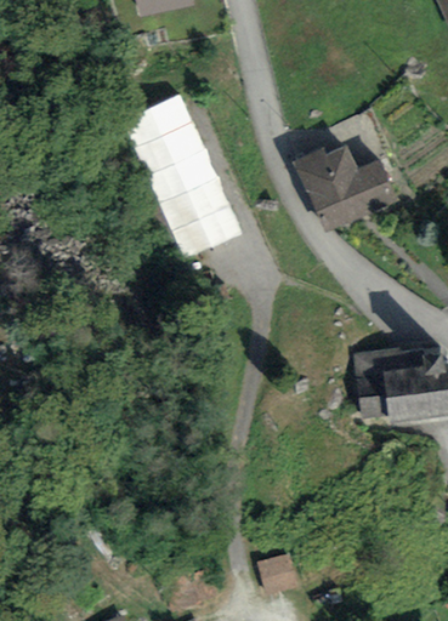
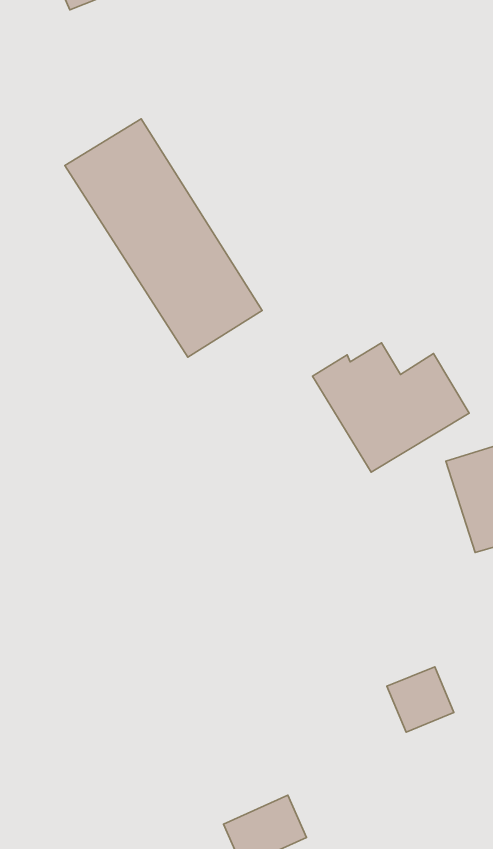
building: [295,143,397,229] -> [312,343,469,472]
building: [255,554,297,596] -> [387,667,454,732]

